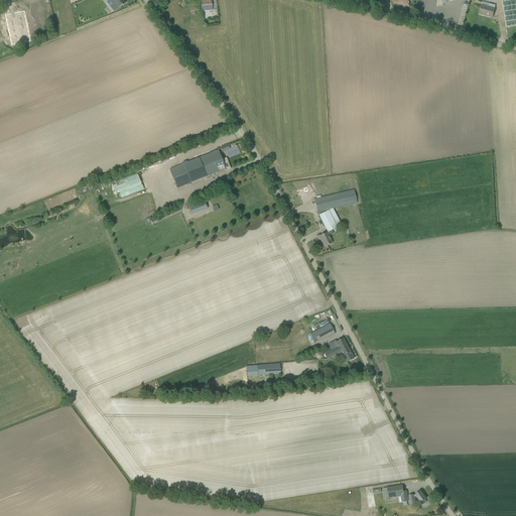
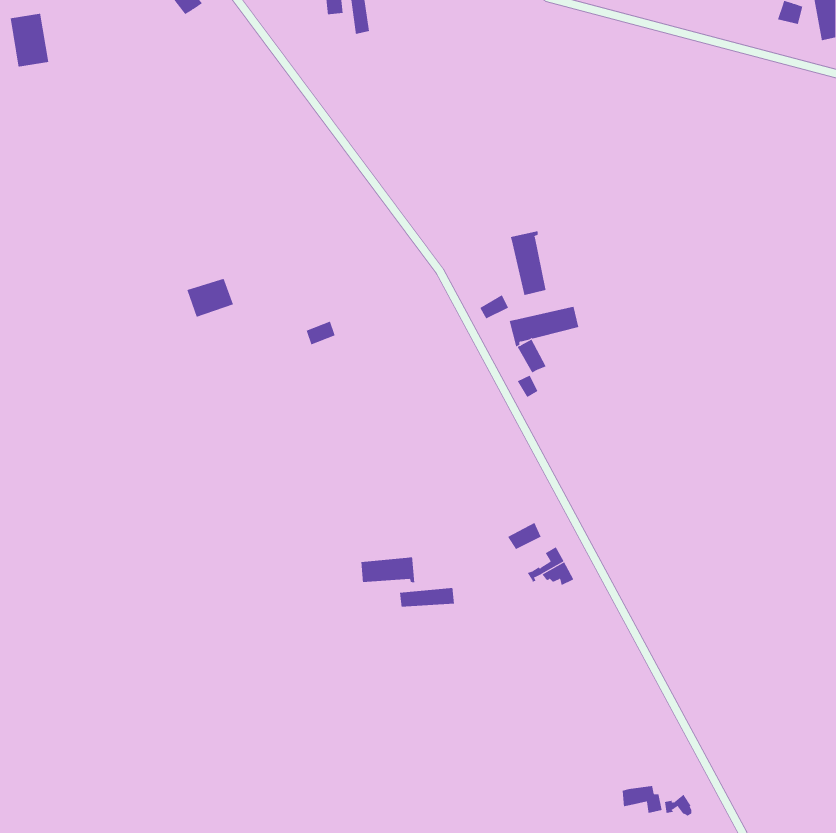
building: none -> [510,231,546,296]
building: [183,149,230,181] -> none
building: none -> [361,556,415,583]

